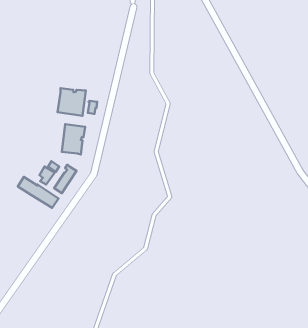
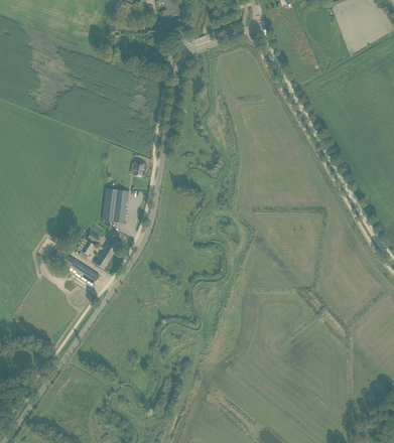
building: [58,88,86,116] -> none

